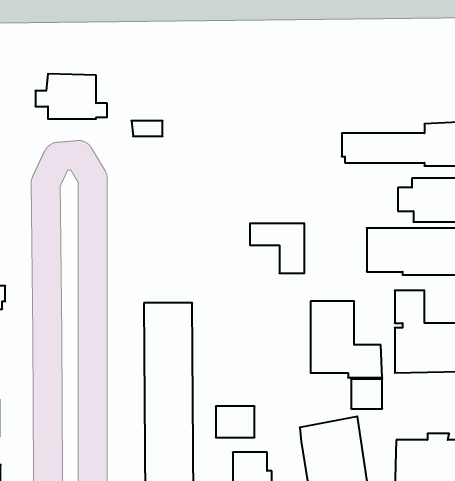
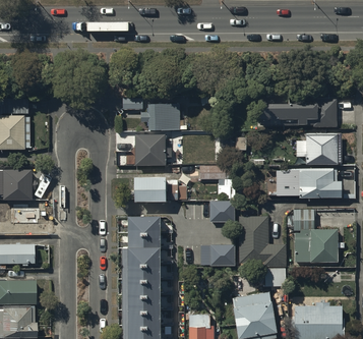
building: [35,74,107,119] -> [139,101,186,130]
building: none -> [134,135,170,166]
building: none -> [132,178,185,204]
building: none -> [209,201,234,221]
building: [216,406,255,437] -> [209,243,235,264]

